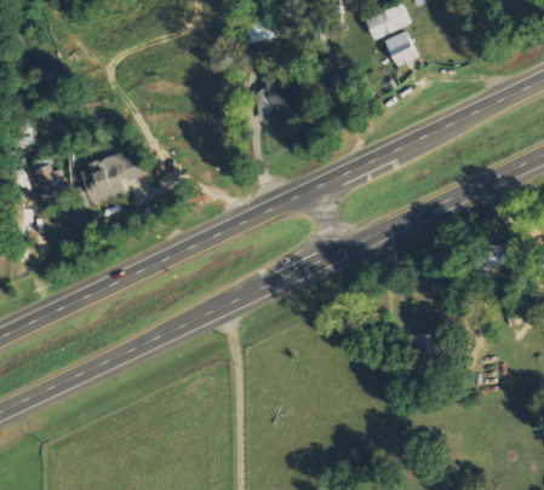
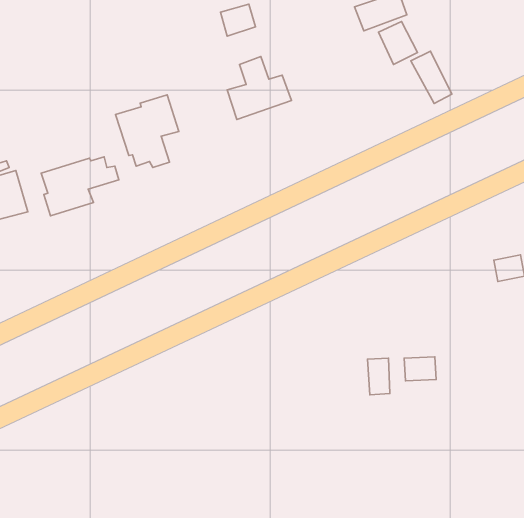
building: none -> [411,51,452,104]
building: none -> [116,95,179,168]
building: none -> [367,358,390,395]

